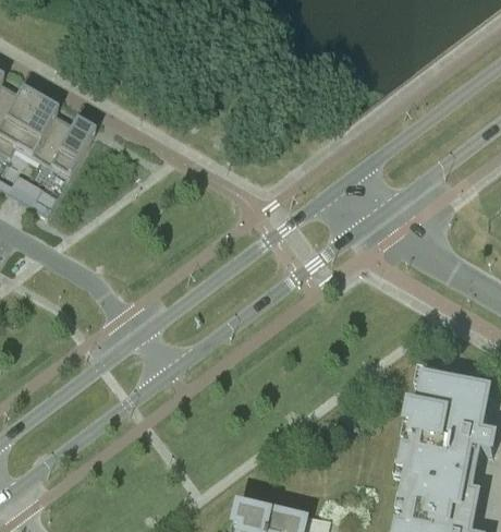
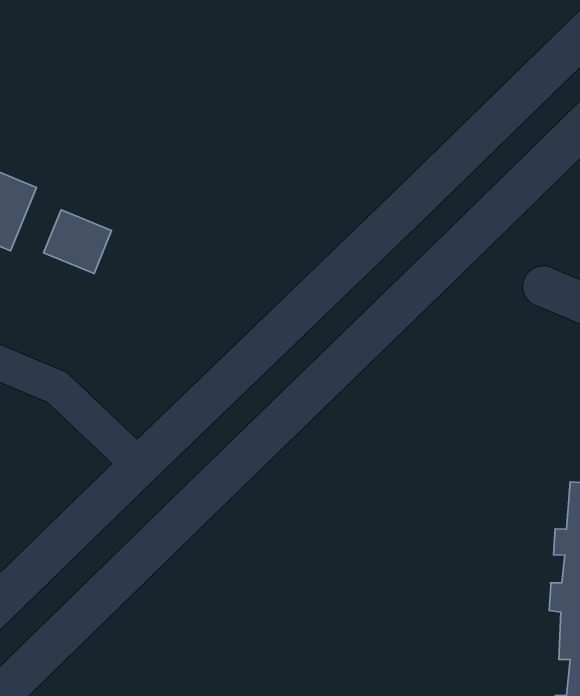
building: none -> [44,210,112,274]

